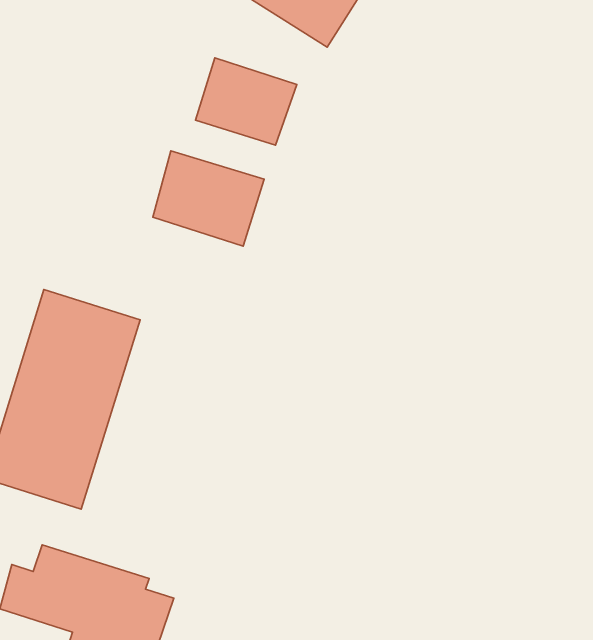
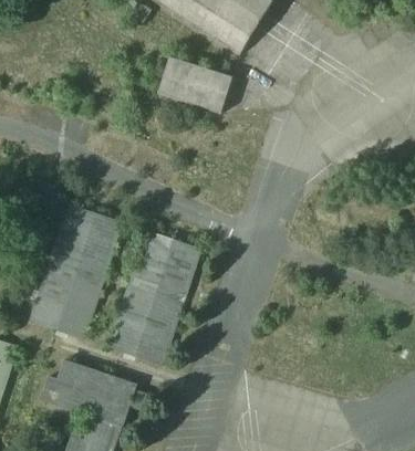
building: [153,151,264,246] -> none
building: none -> [105,229,201,364]

